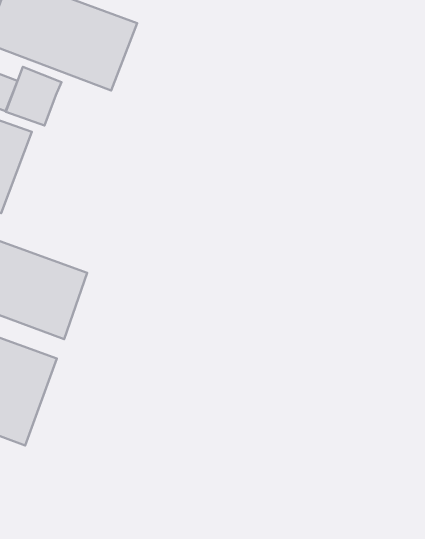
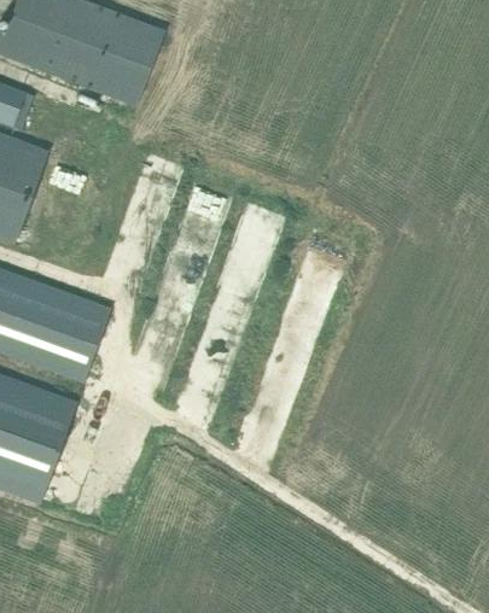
building: [6,67,62,126] -> none

